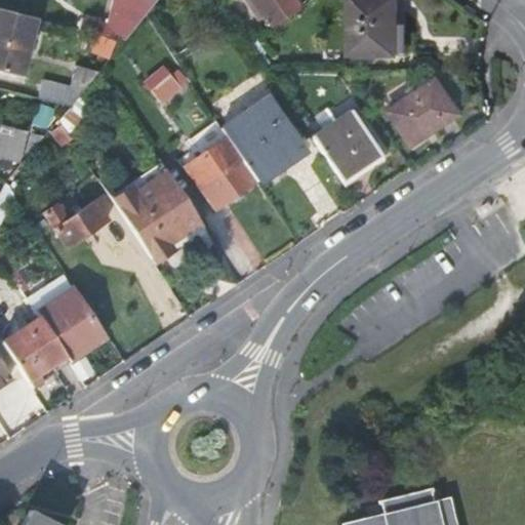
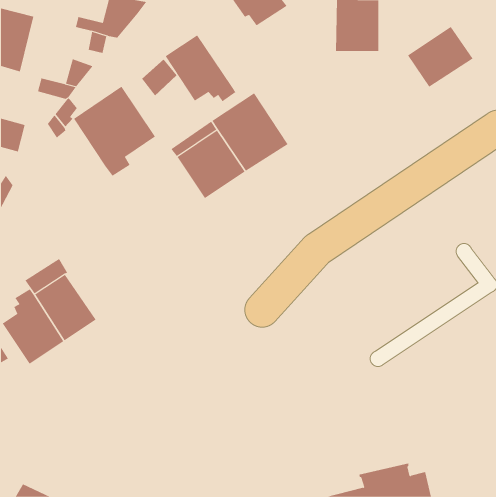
building: none -> [165,35,236,102]
building: [390,80,459,145] -> [407,26,474,88]
building: [314,109,385,181] -> none
building: [115,166,202,261] -> [73,86,156,176]
building: [45,202,108,246] -> none

